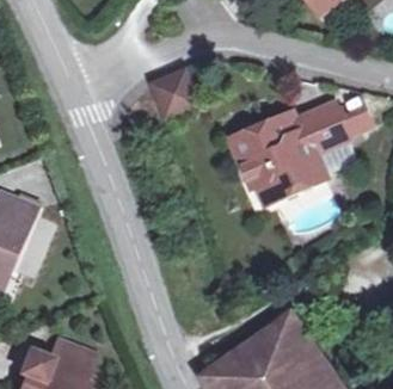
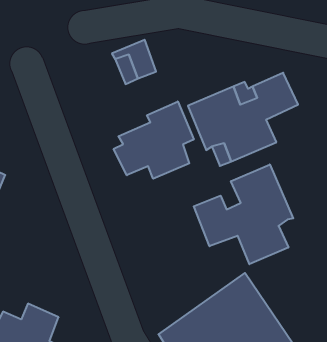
building: none -> [114,101,194,179]
building: none -> [194,164,293,264]

